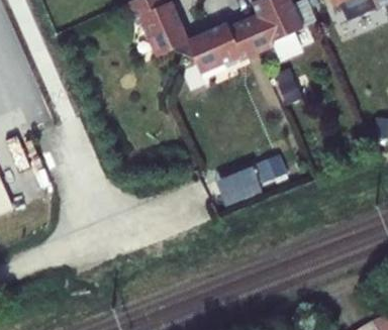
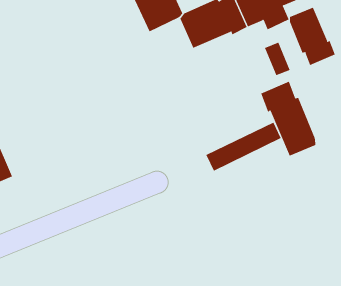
building: none -> [289,7,335,66]
building: none -> [260,81,316,157]

